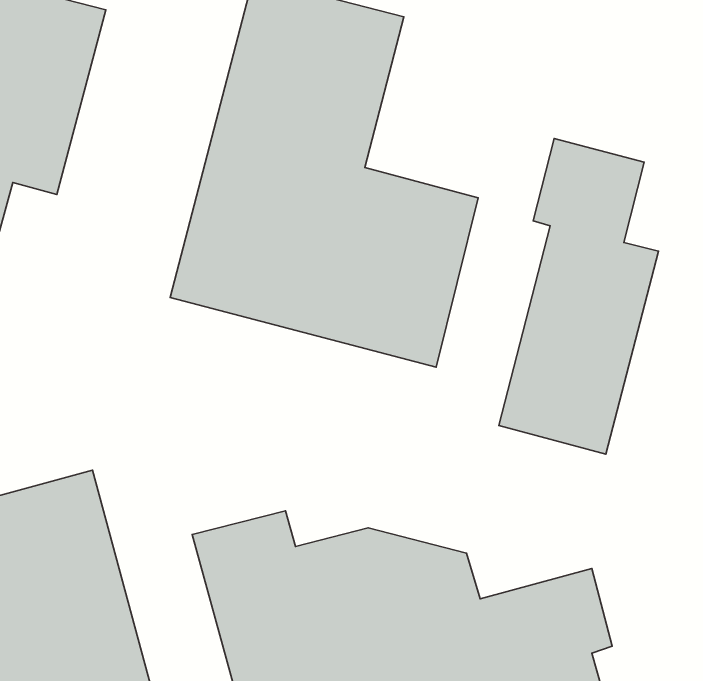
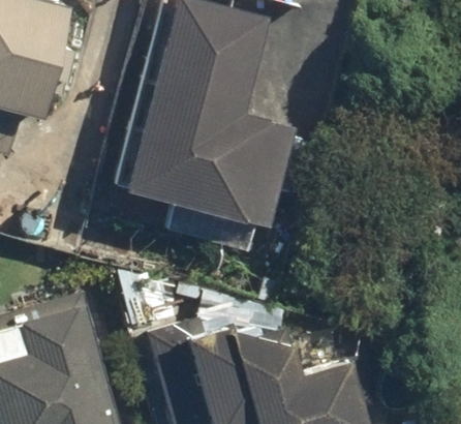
building: [499,139,658,454] -> none

